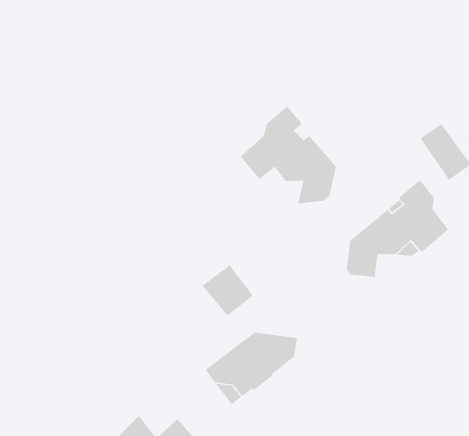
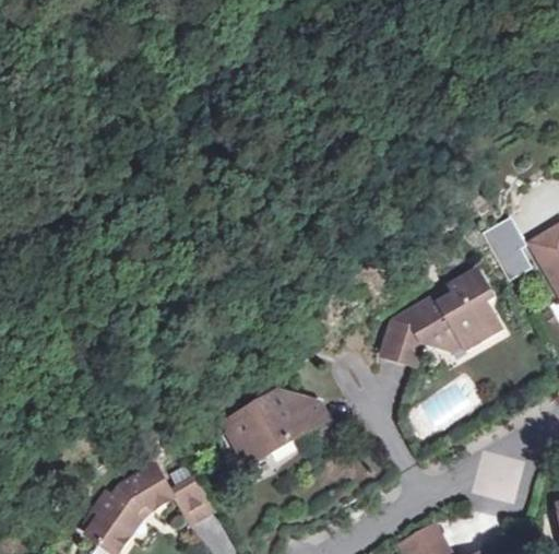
building: [240,106,337,204] -> none
building: [202,264,254,317] -> none

